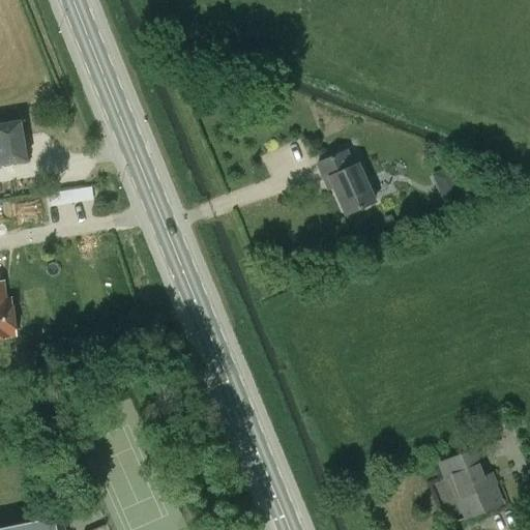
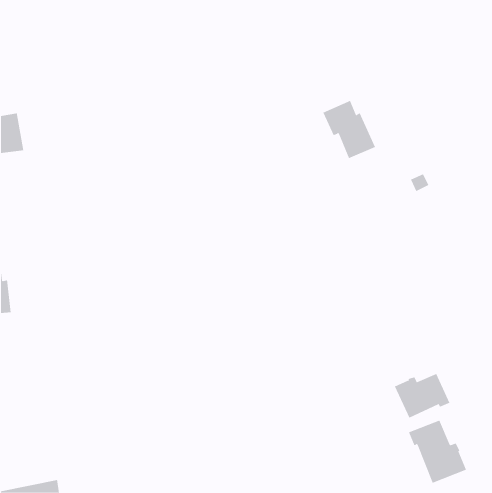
building: [317,151,374,214] -> [323,100,376,159]
building: none -> [394,373,450,419]

